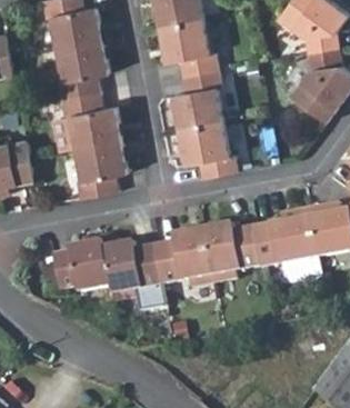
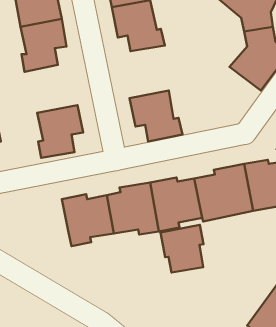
building: [171,70,222,130] -> none
building: [50,92,119,150] -> none
building: [52,239,109,289] -> none
building: none -> [161,225,203,272]

